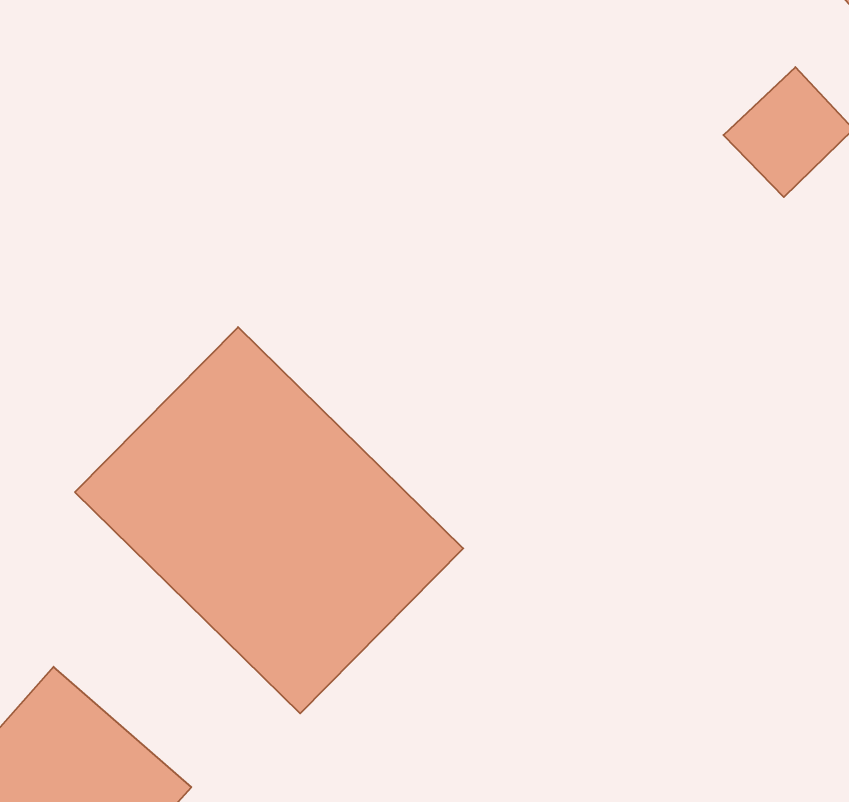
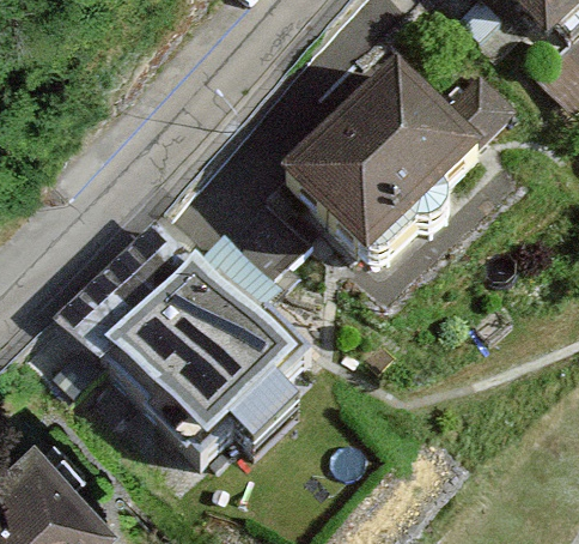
building: none -> [287,64,484,259]

